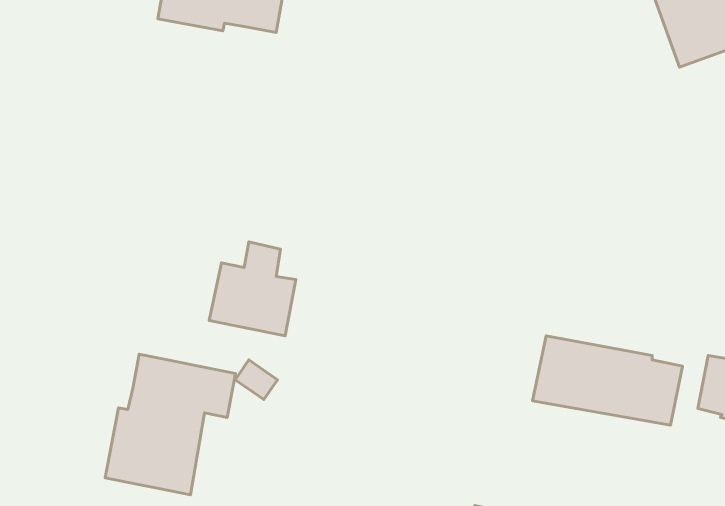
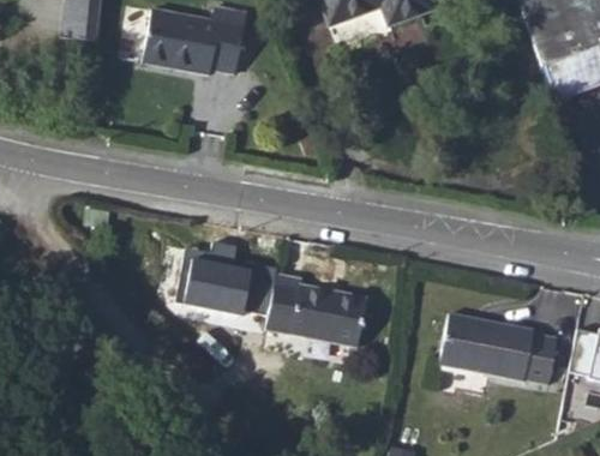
building: none -> [266,272,368,347]
building: [105,354,236,495] -> none

